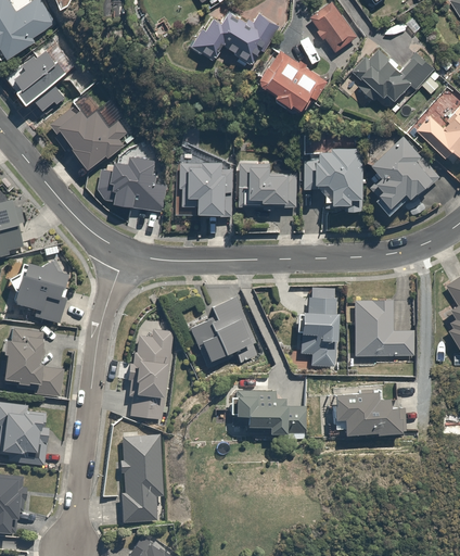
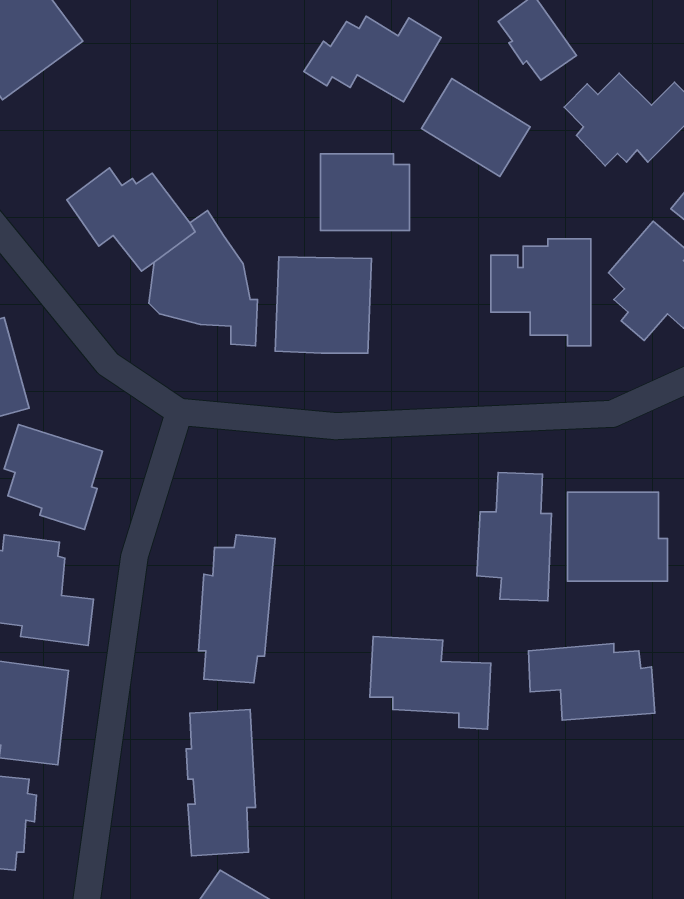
building: [10,31,91,111] -> none
building: [239,162,293,208] -> [320,154,409,230]
building: [187,298,263,366] -> none

